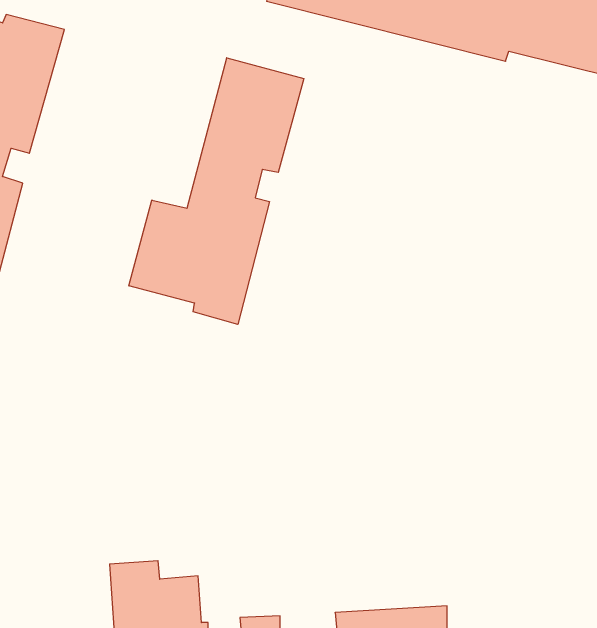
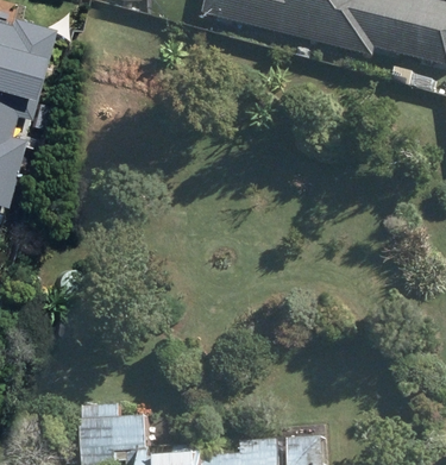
building: [129,58,304,324] -> none

